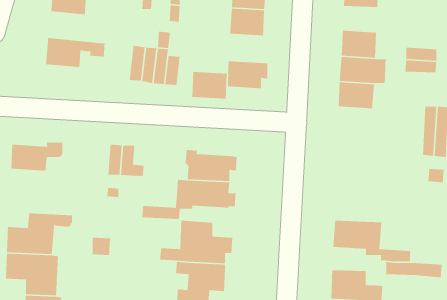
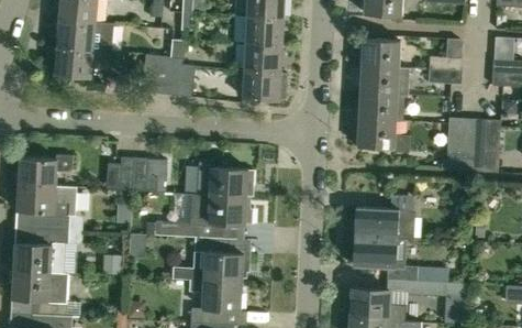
building: none -> [56,20,112,52]
building: [192,71,227,100] -> [244,43,281,73]
building: none -> [357,119,409,152]
building: none -> [16,184,82,231]
building: none -> [355,207,413,239]

